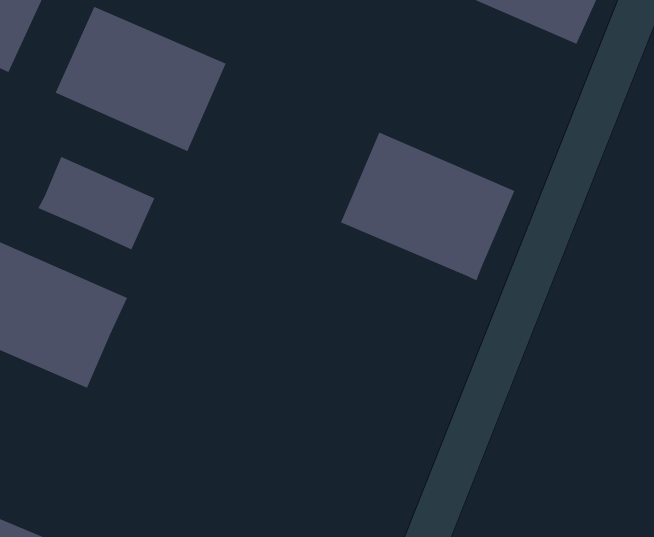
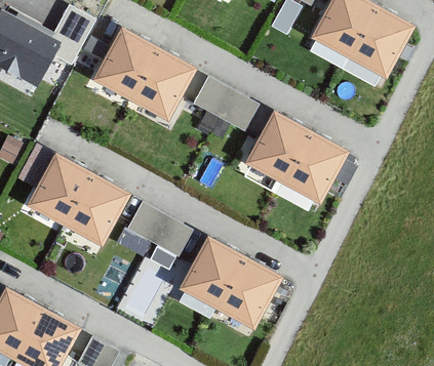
building: none -> [192,77,258,132]
building: [38,156,155,250] -> [126,202,192,257]
building: none -> [181,240,277,326]

